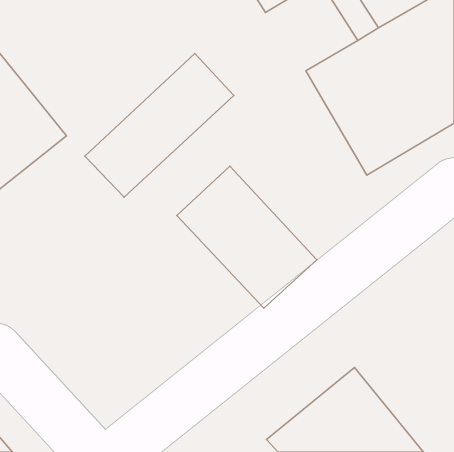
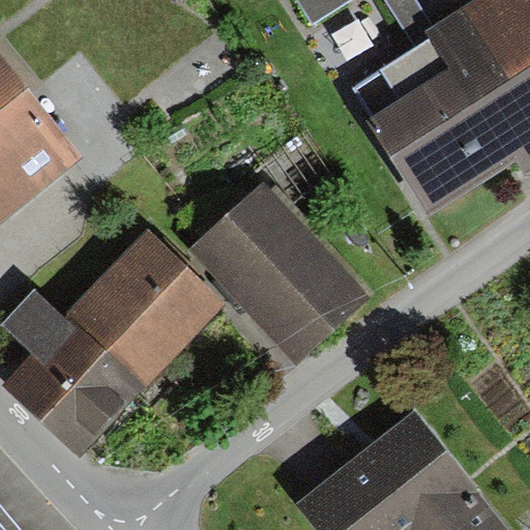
building: [85,54,234,197] -> none
building: none -> [10,237,222,449]

